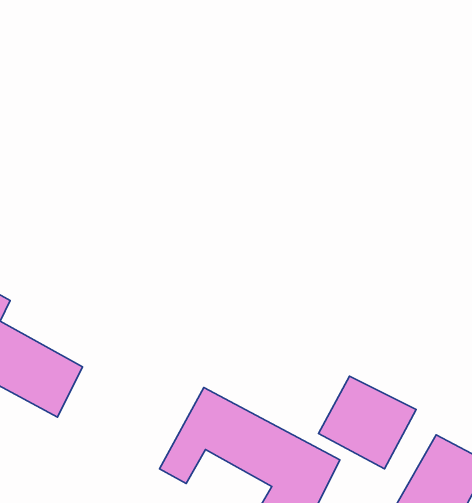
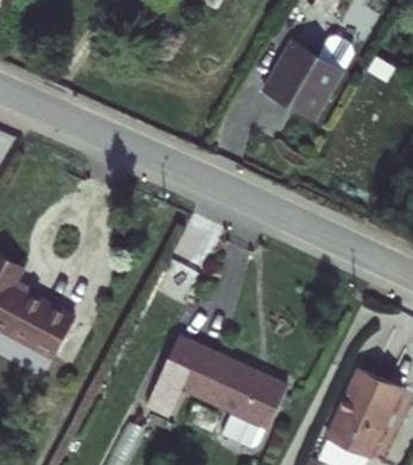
building: none -> [253,43,343,123]
building: [318,376,416,469] -> none

